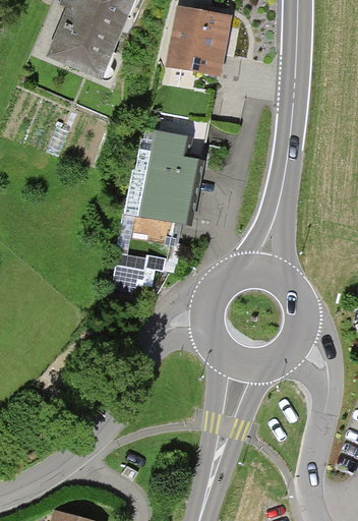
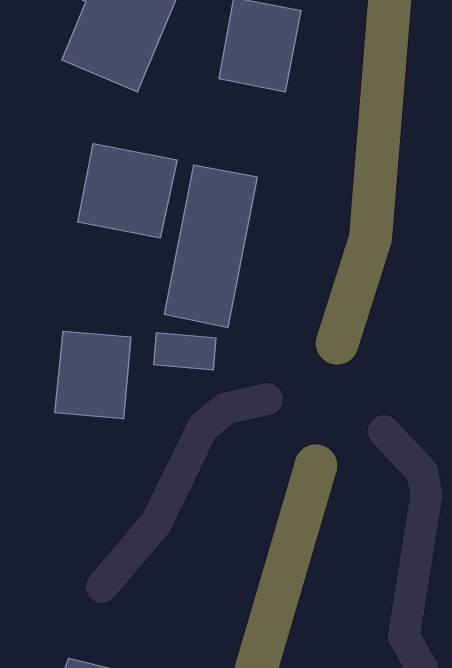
building: none -> [78,144,177,238]
building: none -> [55,331,131,419]

